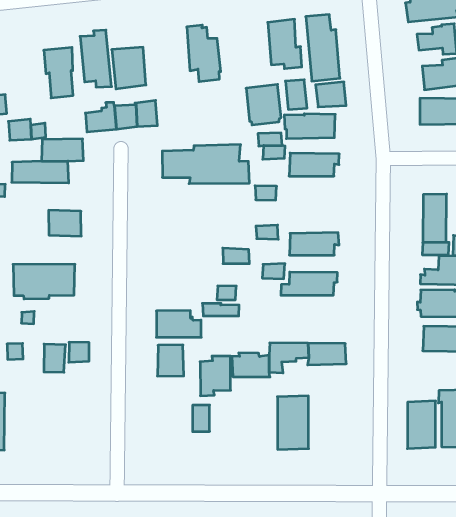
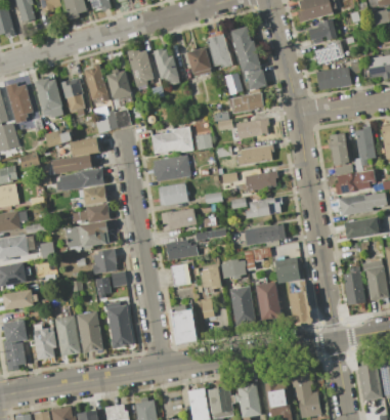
building: none -> [126,48,156,87]
building: none -> [35,78,63,119]
building: [246,84,281,125] -> [185,46,212,76]
building: none -> [56,167,103,191]
building: none -> [151,156,189,181]
building: none -> [236,144,273,166]
building: none -> [158,183,187,206]
building: none -> [72,203,110,222]
building: none -> [161,208,197,230]
building: none -> [92,248,117,275]
building: none -> [247,223,286,244]
building: none -> [274,262,300,284]
building: none -> [106,302,133,348]
building: none -> [76,311,103,352]
building: none -> [229,285,256,325]
building: none -> [171,309,197,345]
building: none -> [289,291,310,324]

